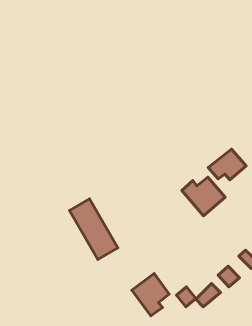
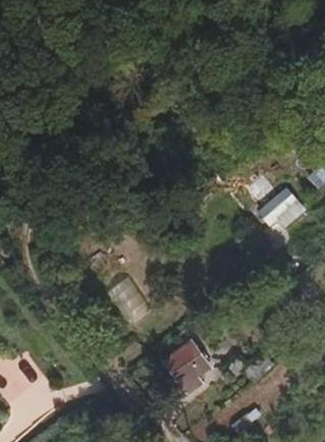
building: [182,177,225,216] -> none

